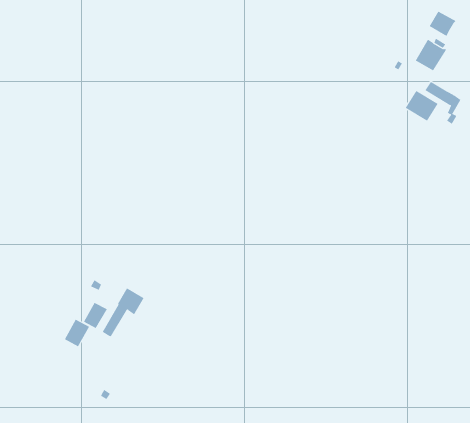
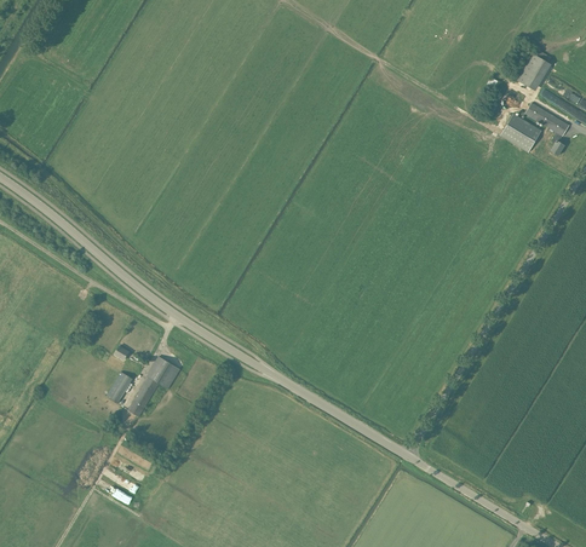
building: [429,11,457,37] -> none
building: [64,319,90,347] -> none

